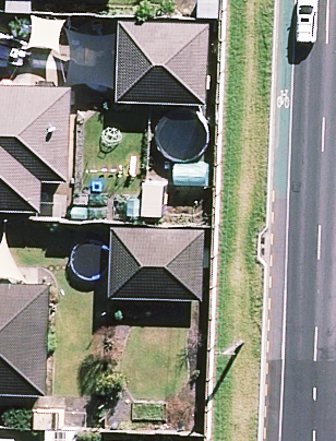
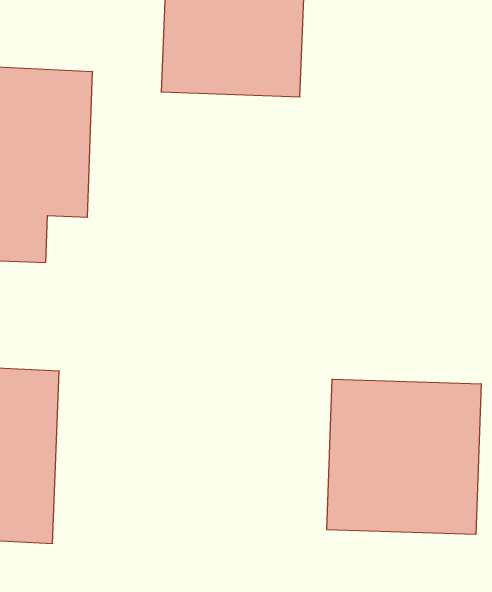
building: [109,226,205,301] -> none
building: none -> [327,379,481,534]

